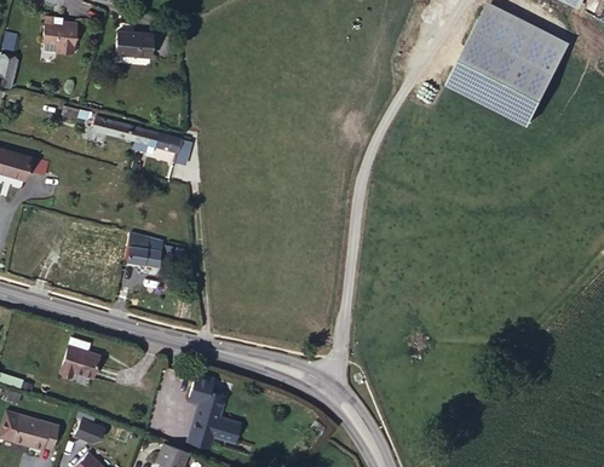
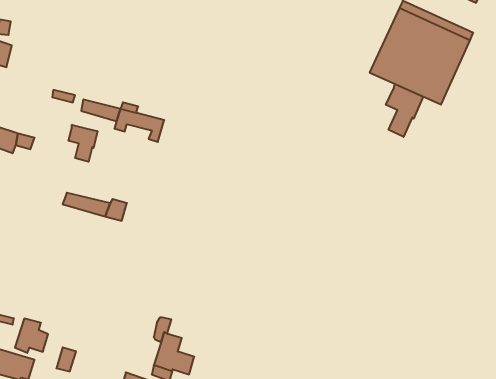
building: [51,18,85,52] -> none
building: [125,28,159,56] -> none
building: none -> [386,84,423,137]
building: none -> [68,125,97,162]
building: [62,340,100,380] -> [15,319,48,353]

